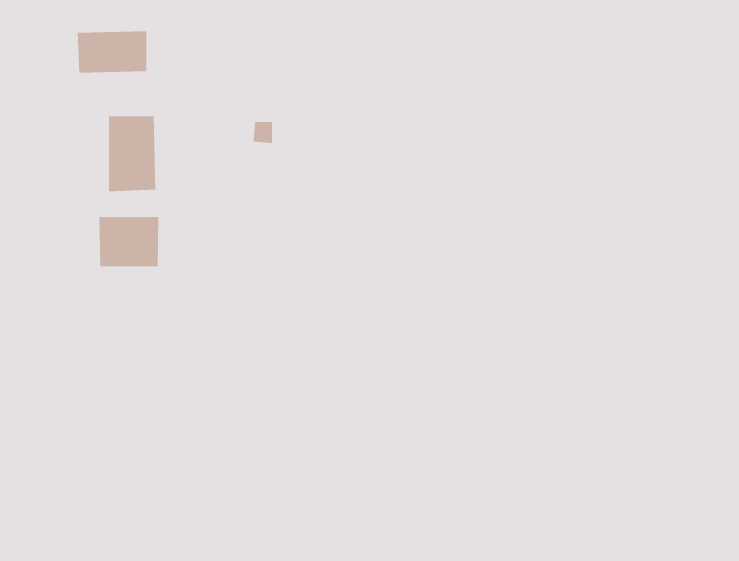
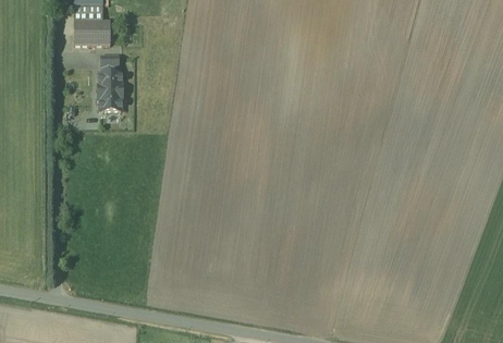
building: [99,216,159,267] -> none

